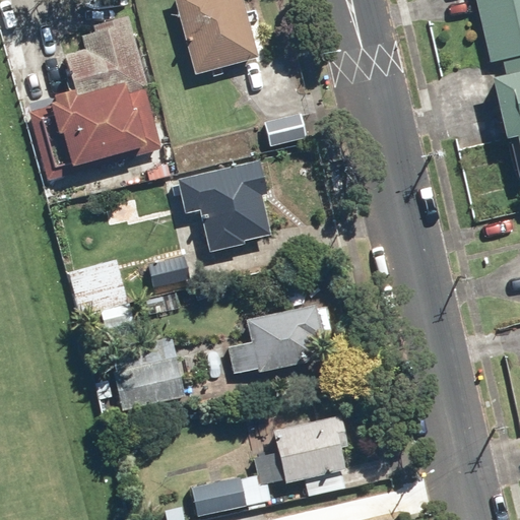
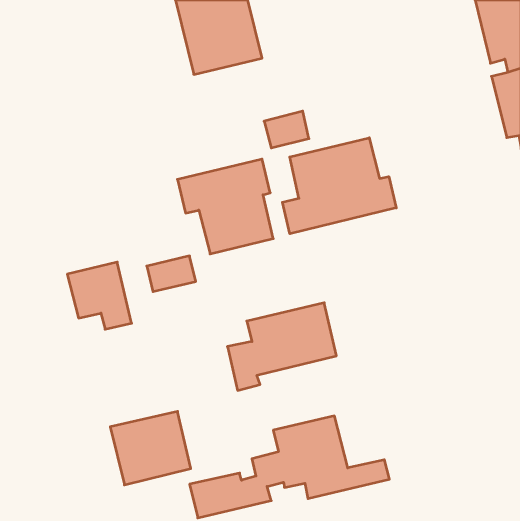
building: [30,14,160,177] -> none
building: none -> [282,138,396,234]
building: [107,339,187,412] -> [110,411,191,485]

